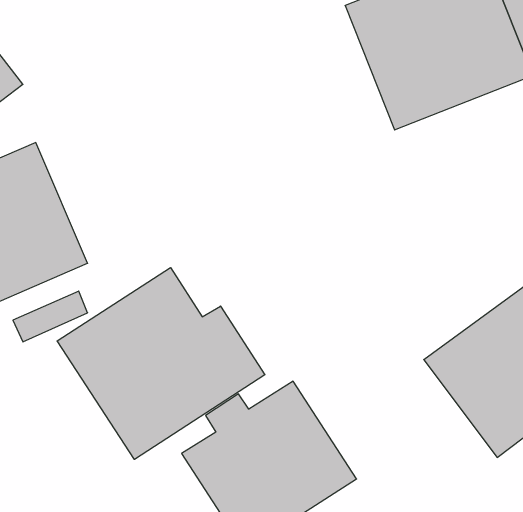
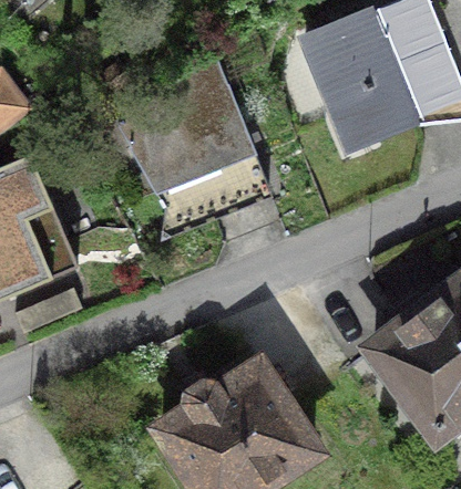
building: none -> [112,54,267,223]
building: [57,268,265,459] -> none

